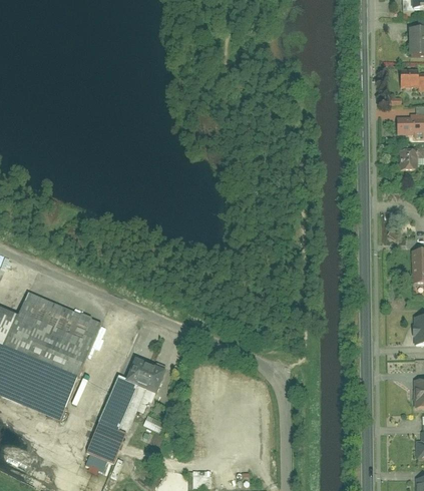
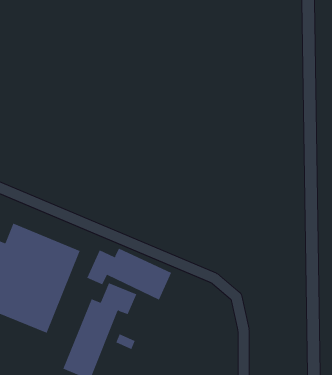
building: none -> [87,248,172,301]

